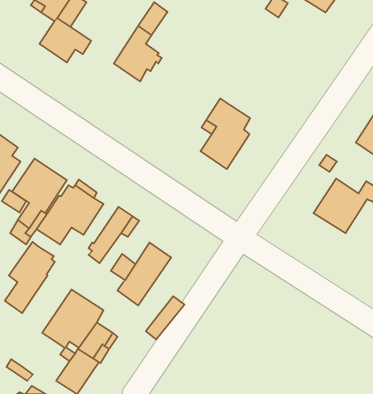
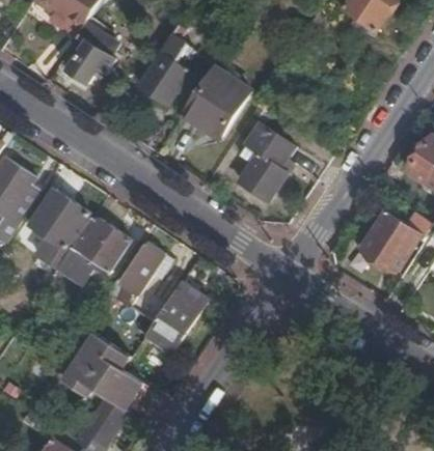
building: none -> [182,65,250,139]
building: [5,242,55,313] -> none

